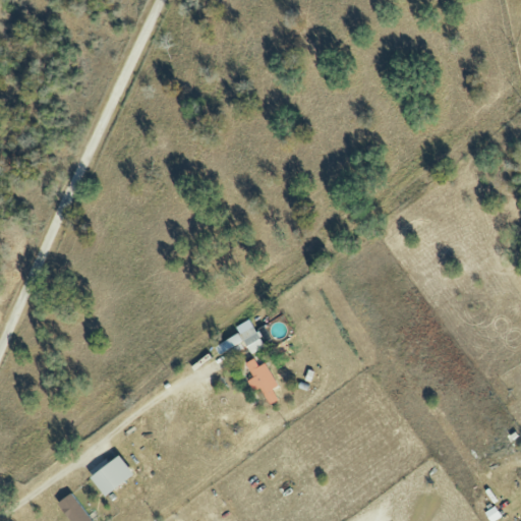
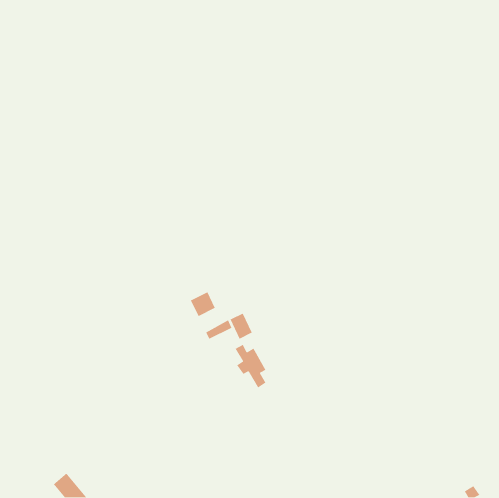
building: none -> [190,291,216,317]
building: [89,455,133,497] -> none

